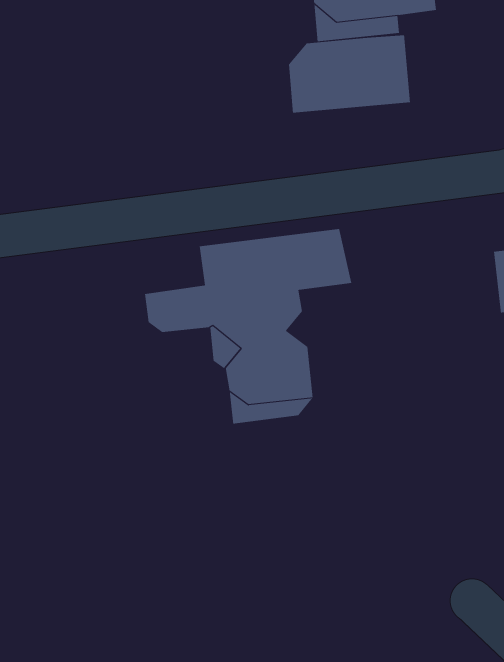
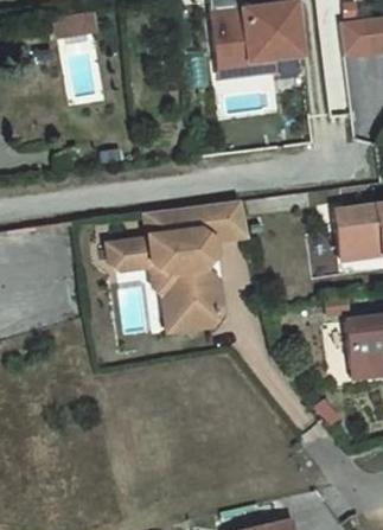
building: [289,35,411,113] -> none

